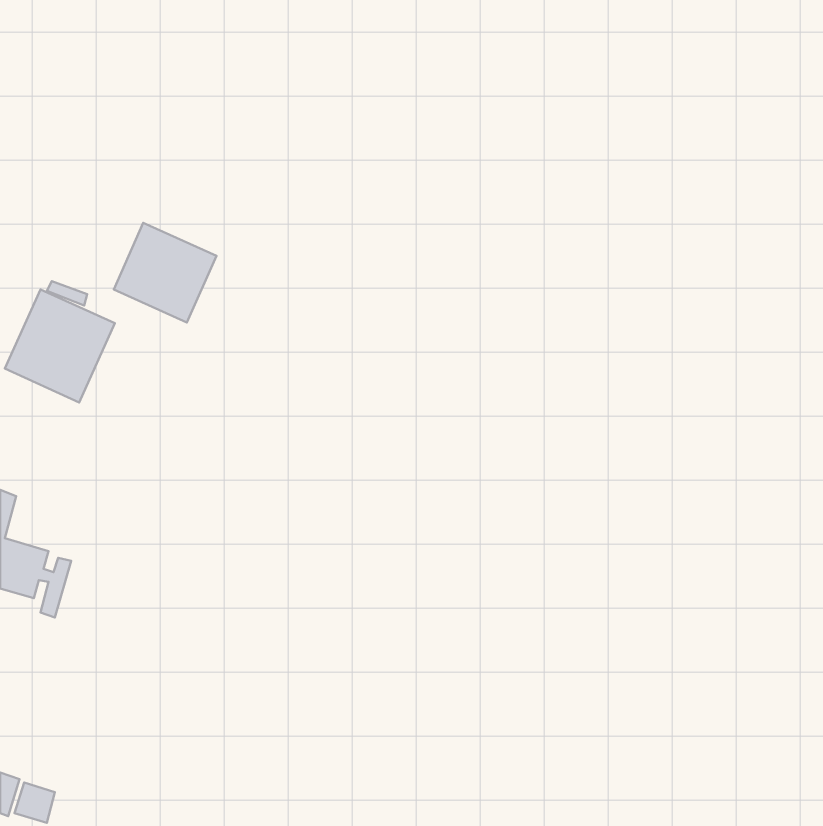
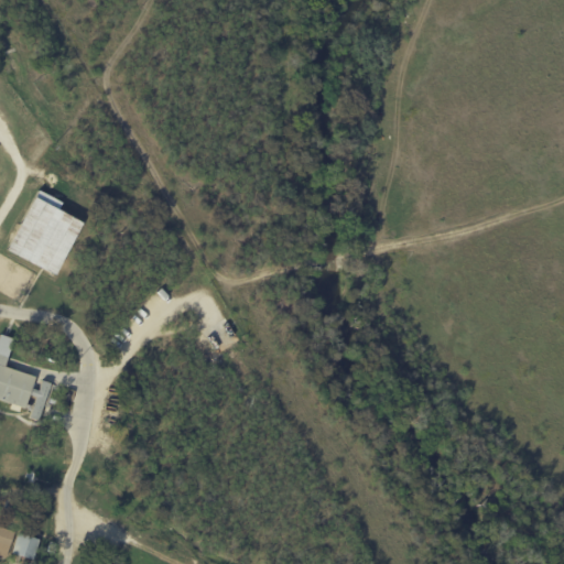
building: [114,223,216,322] -> none

